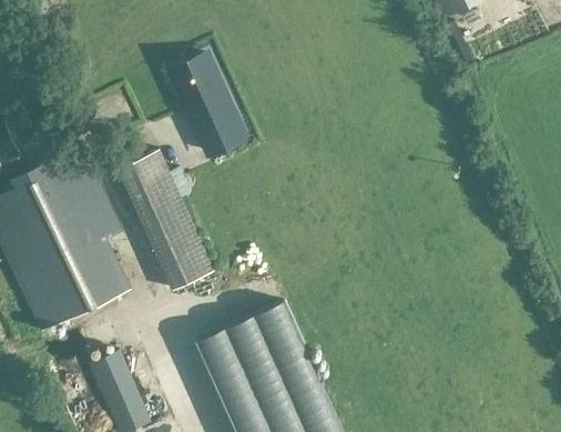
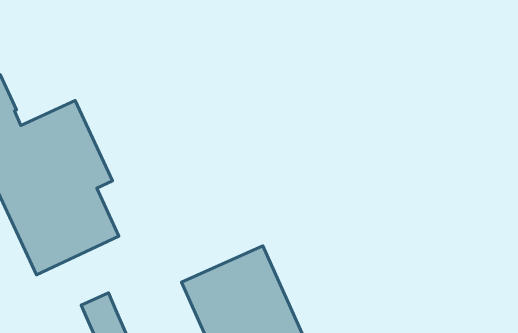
building: [173,56,235,154] -> none
building: [120,149,214,290] -> none

